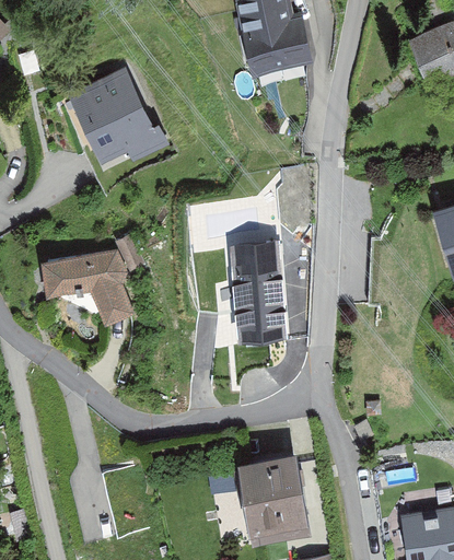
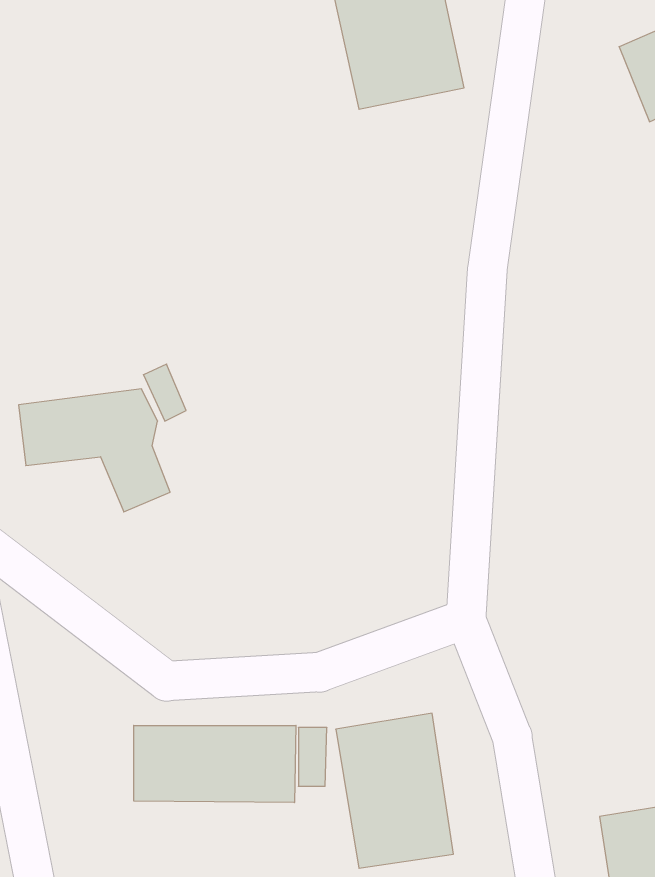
building: [68,67,165,164] -> none
building: [228,246,284,349] -> none
building: none -> [134,725,296,803]

